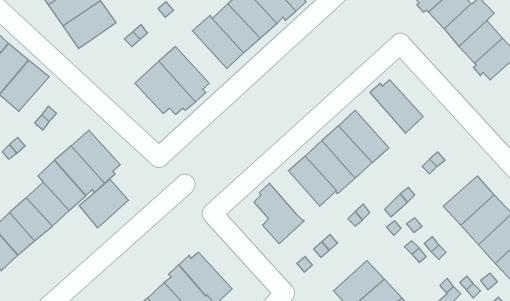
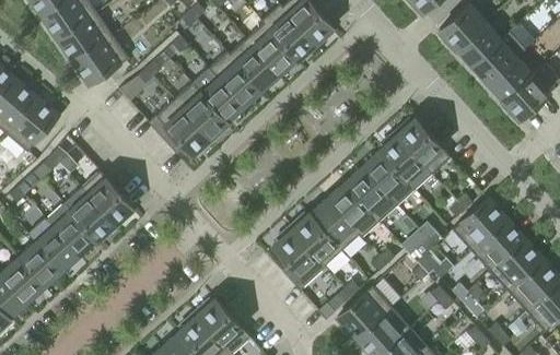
building: none -> [190,67,244,121]
building: none -> [378,131,431,189]
building: none -> [452,197,506,250]
building: none -> [289,213,341,265]
building: [79,179,129,228] -> none
building: none -> [337,285,390,339]

